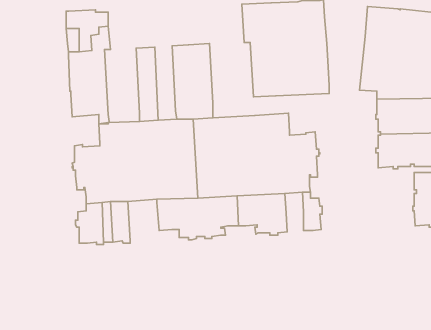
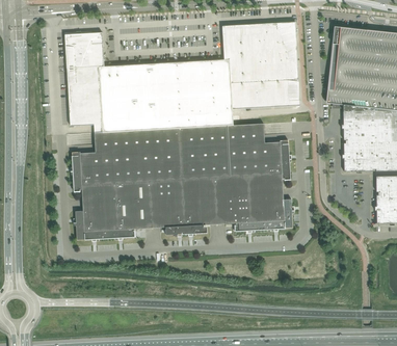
building: none -> [192,58,233,126]
building: none -> [143,61,163,128]
building: none -> [99,63,130,130]
building: none -> [260,192,277,230]
building: none -> [120,198,148,236]

